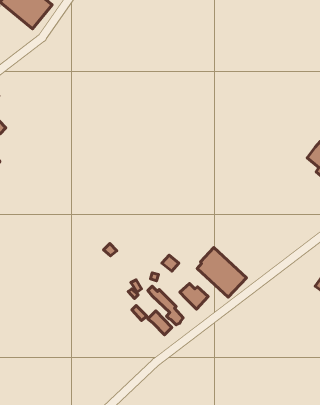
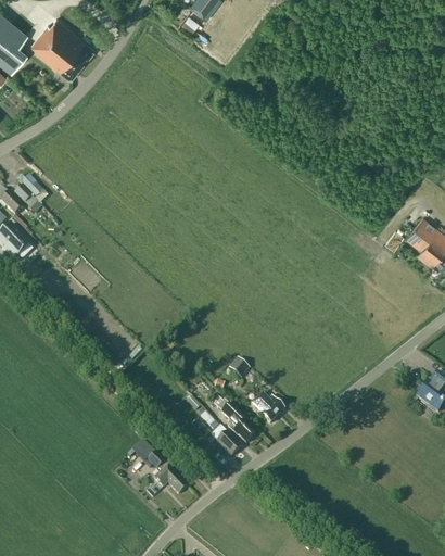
building: [197,248,246,297] -> none
building: none -> [132,439,188,493]

